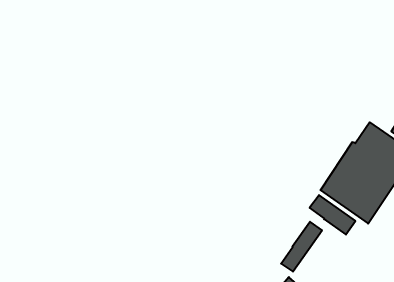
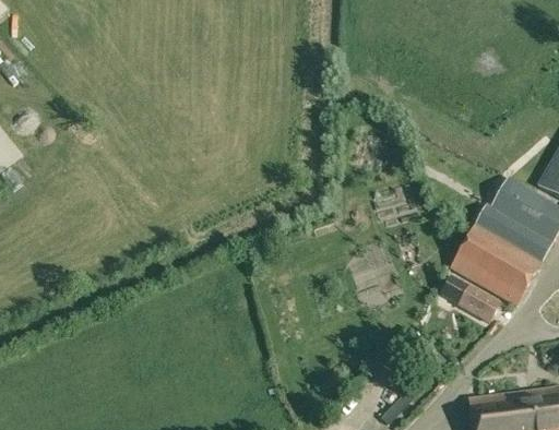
building: [281,222,322,272] -> none

